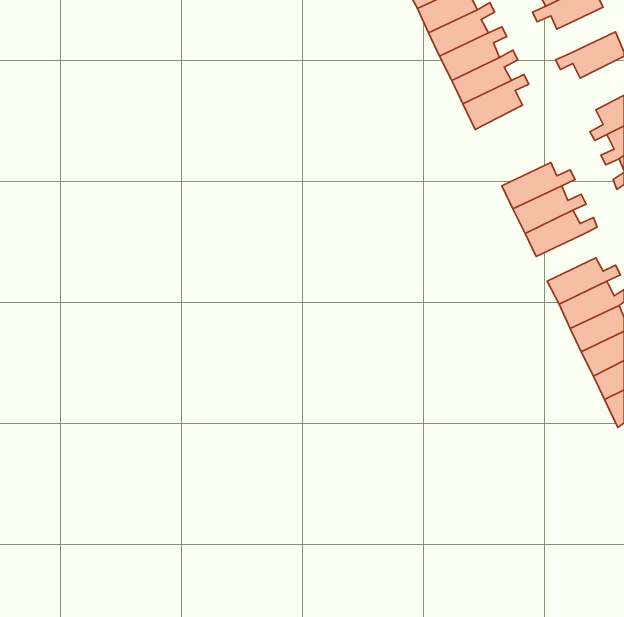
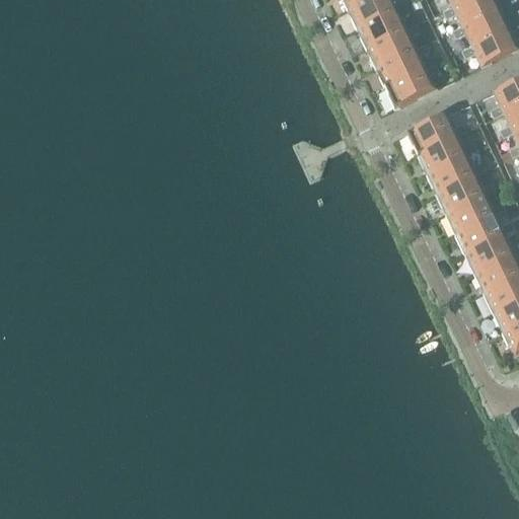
building: none -> [451,6,511,45]
building: none -> [406,115,467,154]
building: none -> [445,194,506,233]

